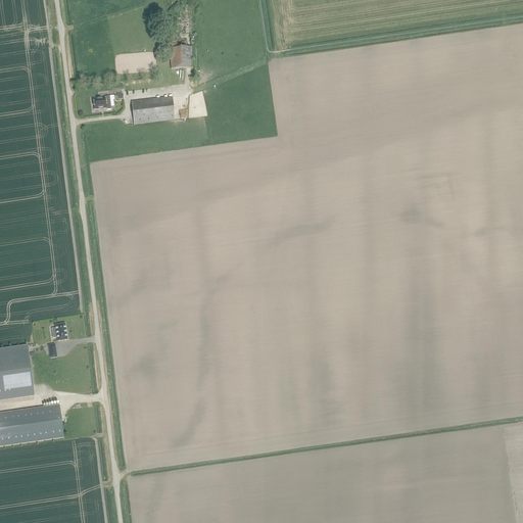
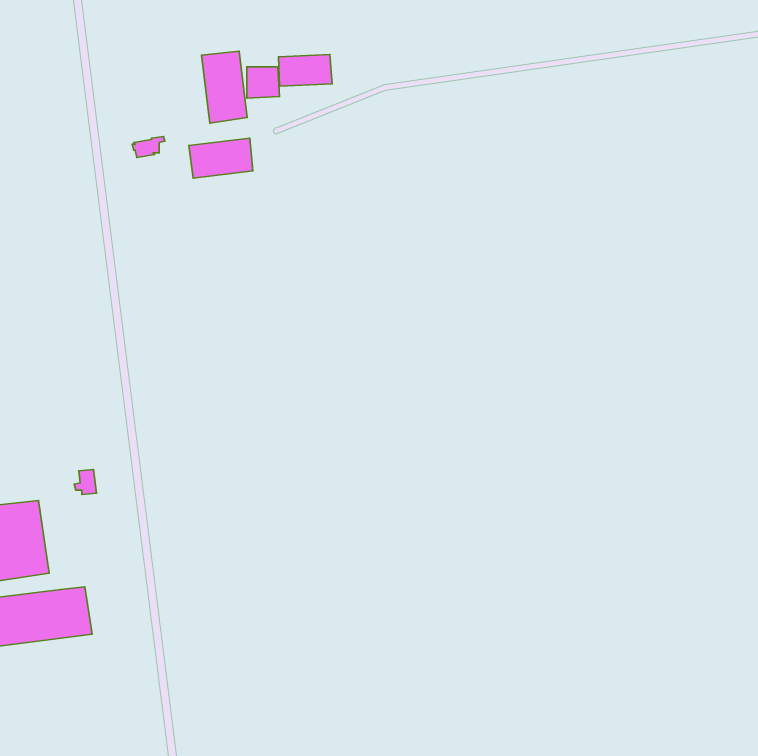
building: none -> [202,51,247,123]
building: none -> [279,55,332,86]

